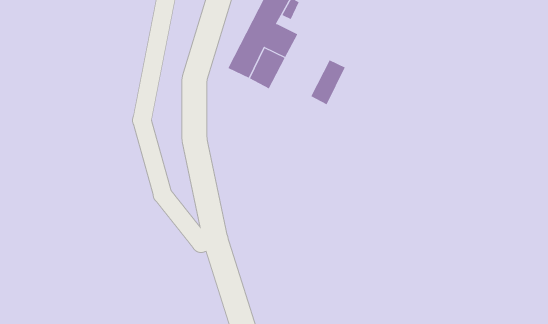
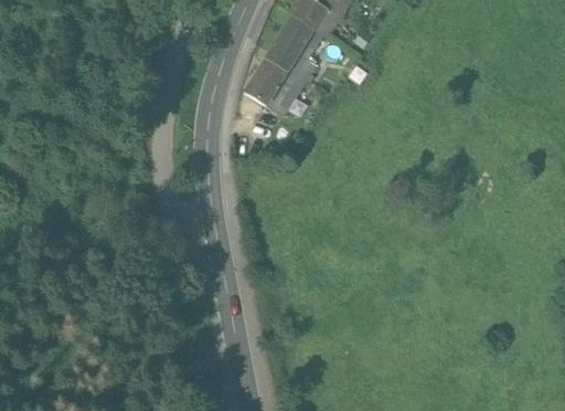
building: [311,60,345,105] -> none

